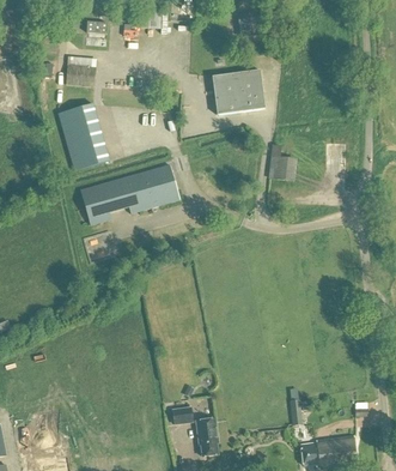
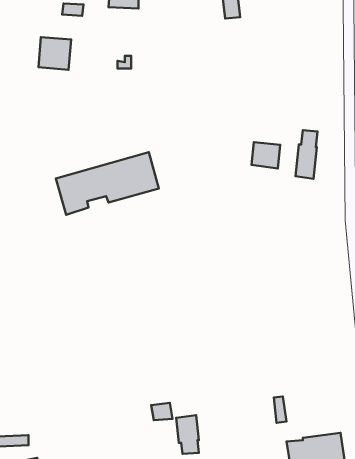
building: [209,70,264,115] -> none
building: [55,103,108,170] -> none
building: none -> [295,130,317,179]

